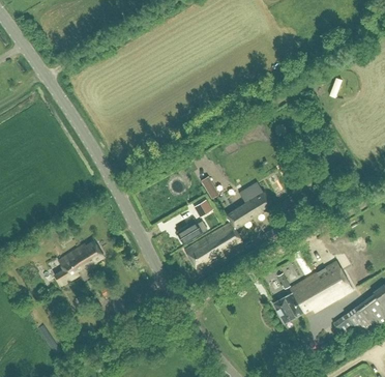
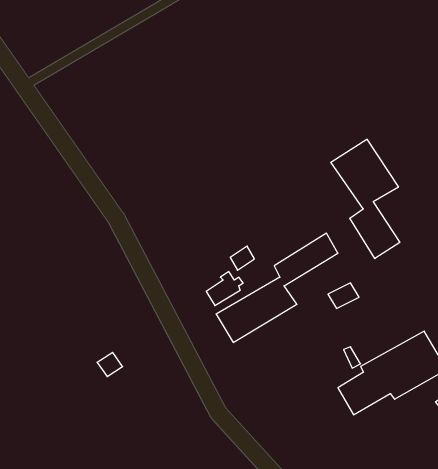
building: none -> [331,139,400,259]
building: [55,239,105,281] -> none

